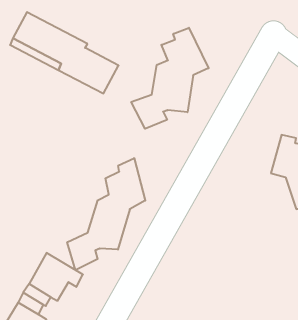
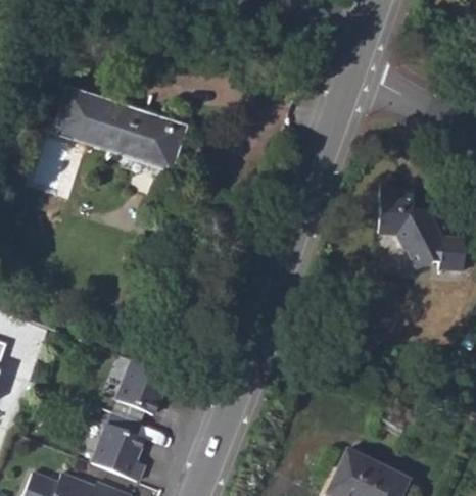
building: [131,28,209,129] -> none
building: [67,158,145,270] -> none

